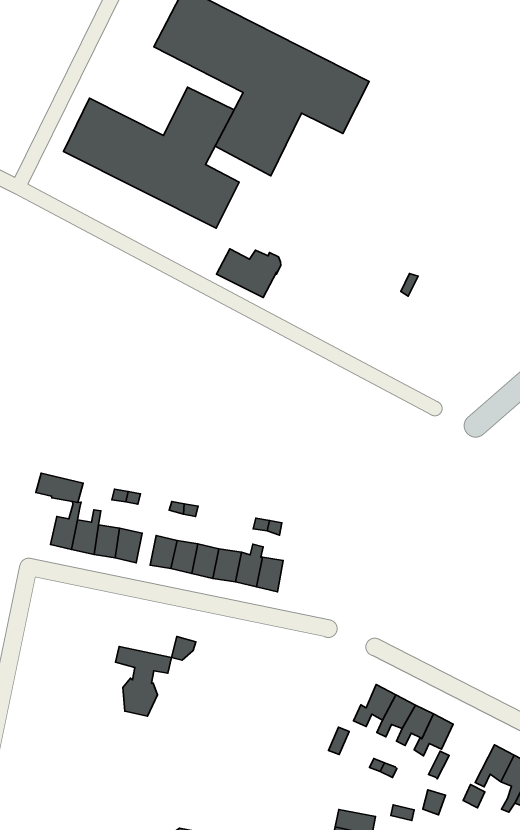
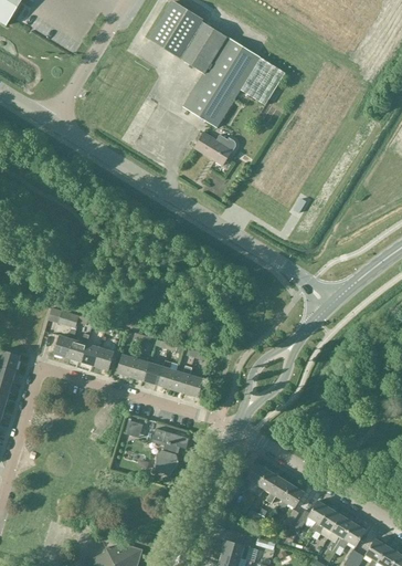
building: [64,87,239,228] -> none
building: [217,249,281,297] -> [193,133,235,166]
building: [115,647,172,716] -> [152,429,189,475]
building: none -> [292,501,329,534]

